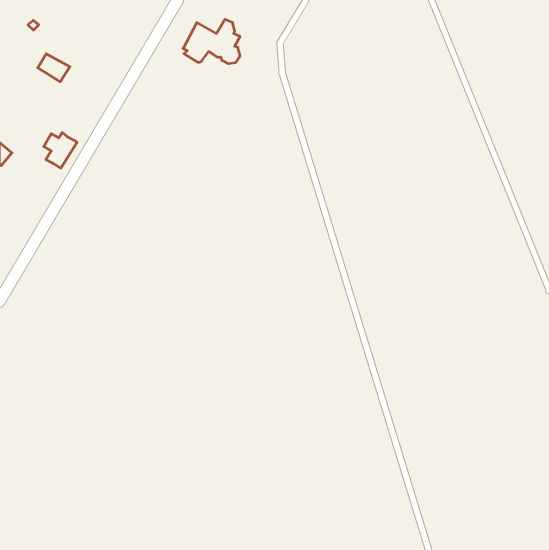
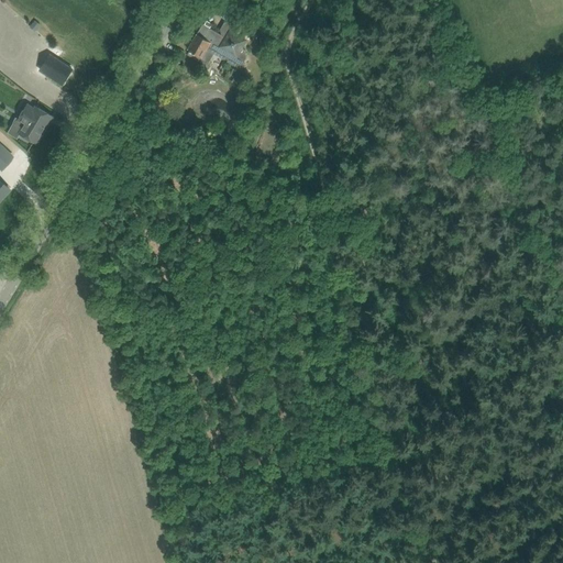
building: [44,133,77,168] -> [16,106,51,142]

